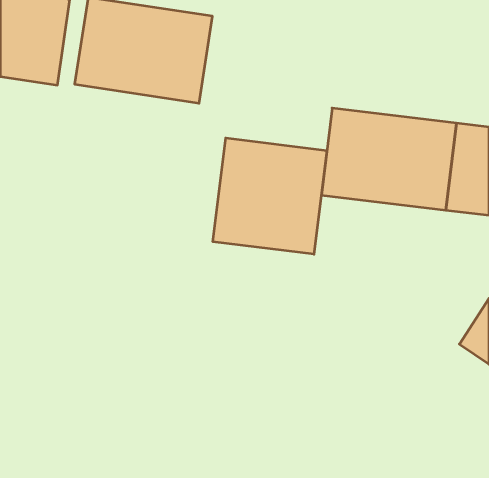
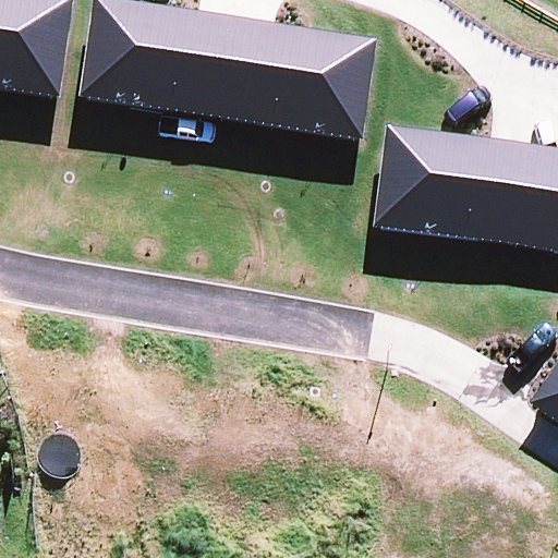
building: none -> [227,19,384,138]
building: [213,138,327,254] -> none

